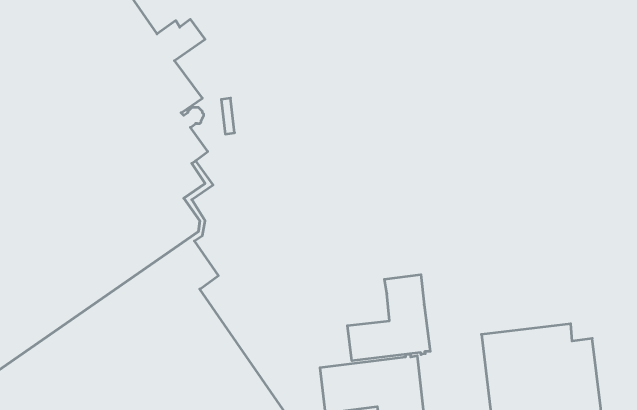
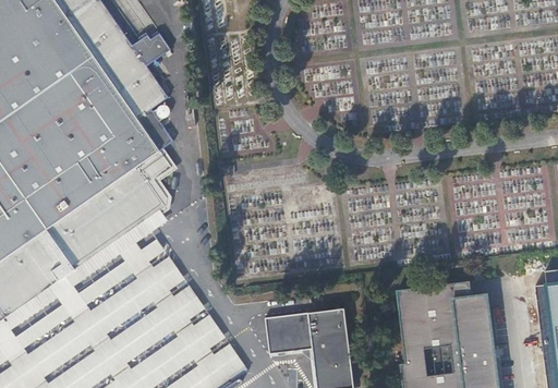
building: [347,275,430,361] -> none

